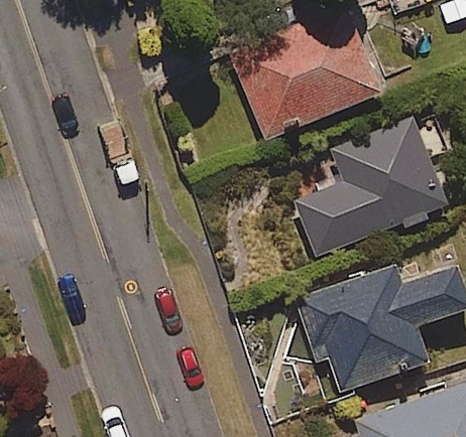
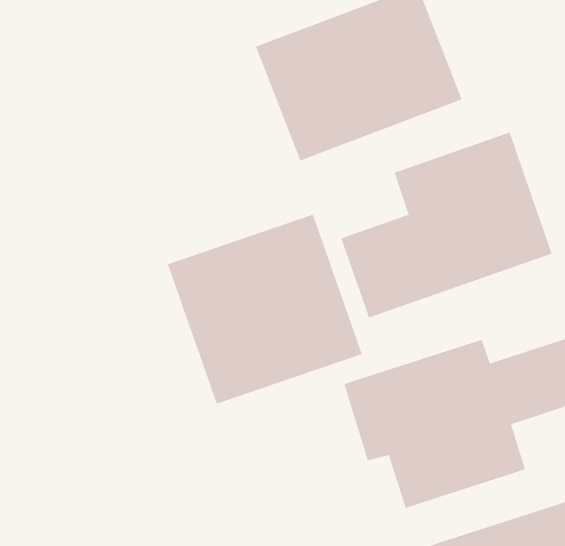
building: none -> [167,214,363,405]

